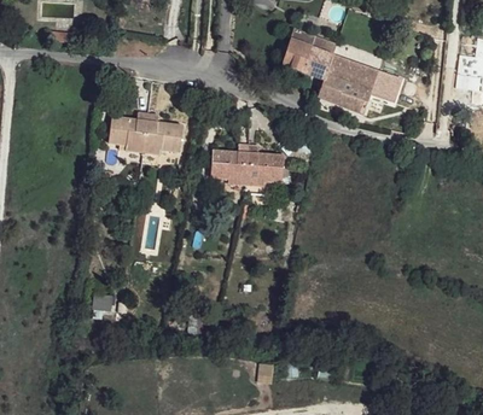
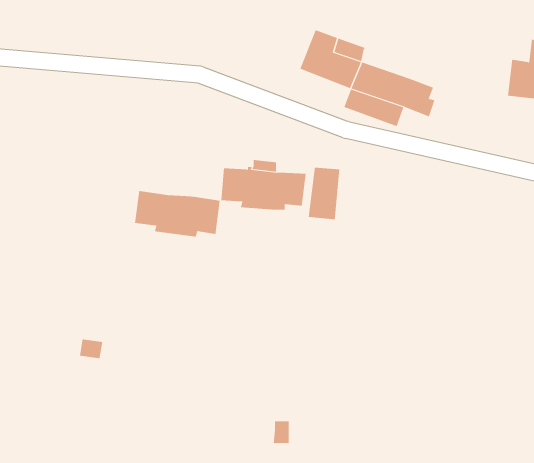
building: [110,113,184,153] -> [134,191,220,237]
building: none -> [308,167,340,220]

